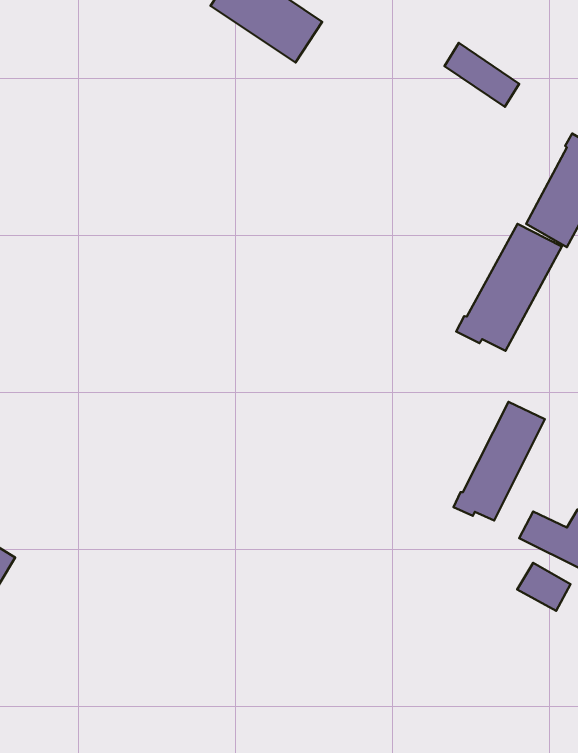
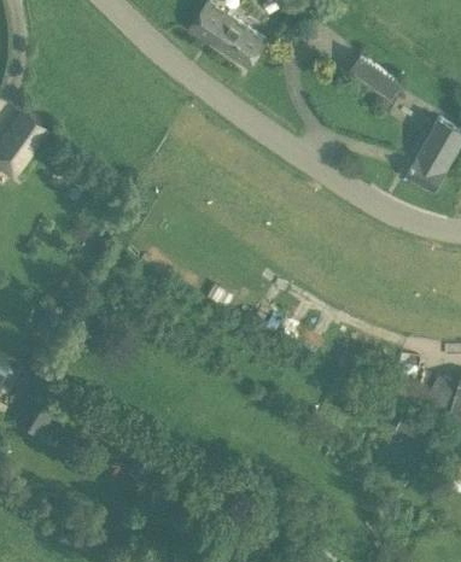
building: [456,224,562,351] -> none
building: [453,402,545,520] -> none

